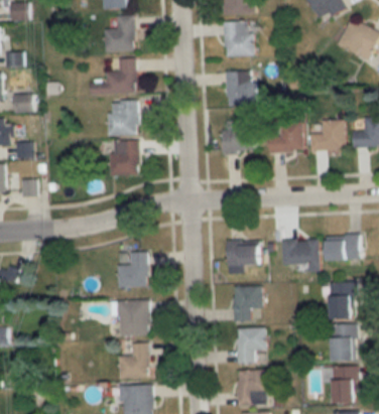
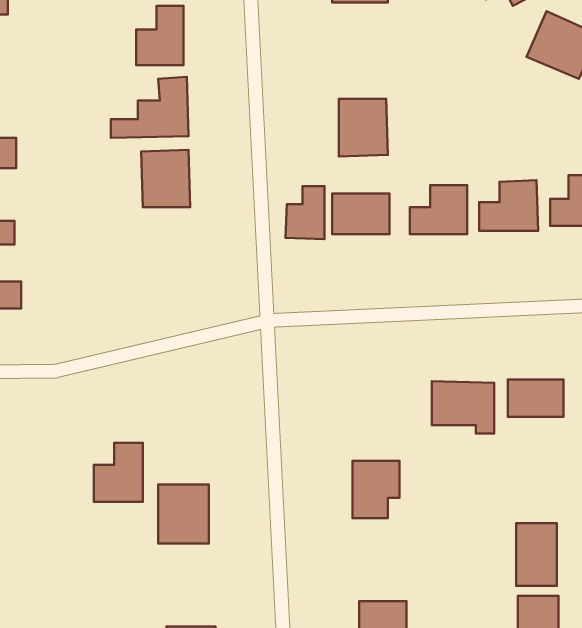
building: [224,21,253,55] -> none
building: none -> [286,186,324,239]
building: [111,141,138,175] -> none
building: [227,240,261,264] -> none
building: [118,251,147,286] -> [94,443,143,502]
building: [330,282,355,319] -> none
building: [237,327,266,363] -> none
building: [119,342,149,378] -> none

